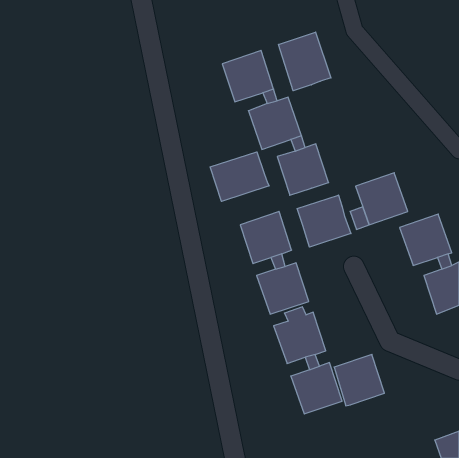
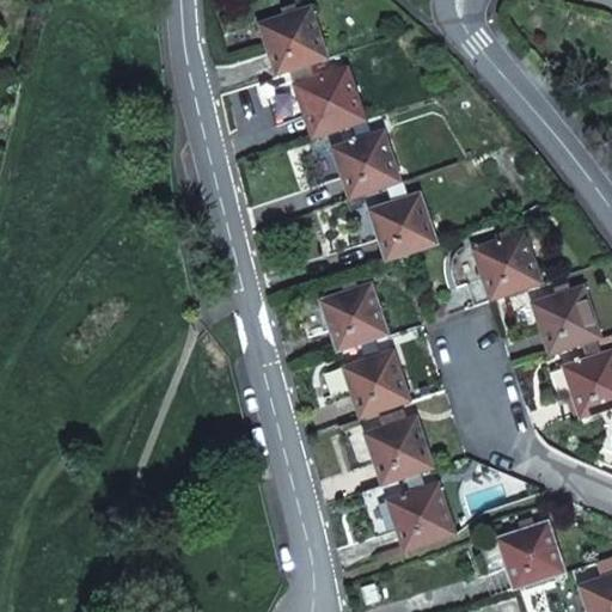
building: none -> [258,6,328,74]
building: [279,32,331,91] -> none
building: [210,152,269,201] -> none
building: [297,195,351,247] -> none
building: [334,354,384,406] -> [497,520,564,588]

